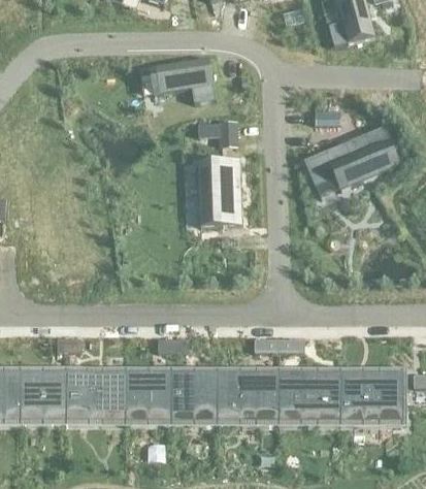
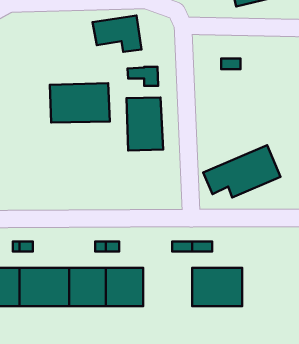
building: [302,125,398,190] -> [203,145,280,197]
building: none -> [50,83,110,122]
building: [217,371,277,419] -> none
building: [339,371,402,419] -> none

